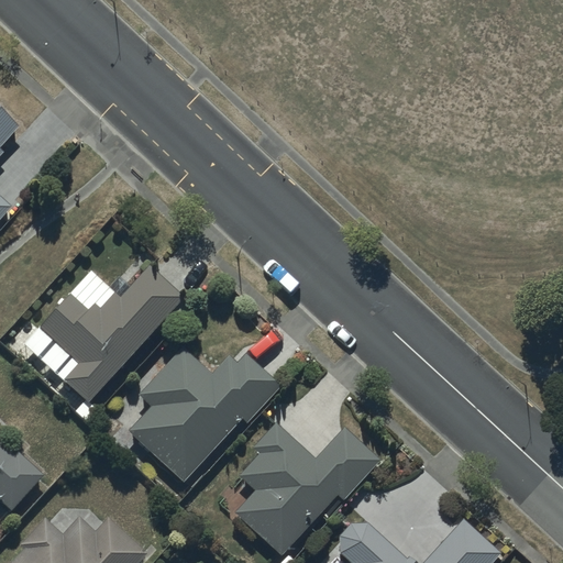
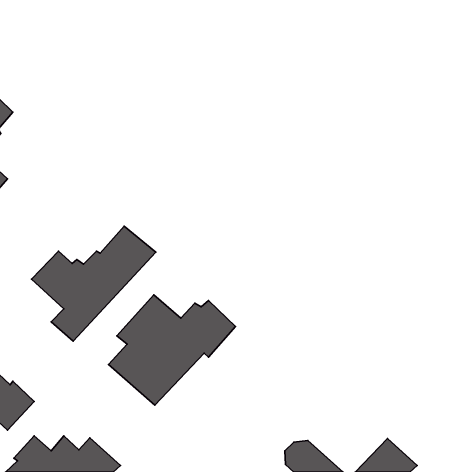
building: [236,426,379,554] -> none

